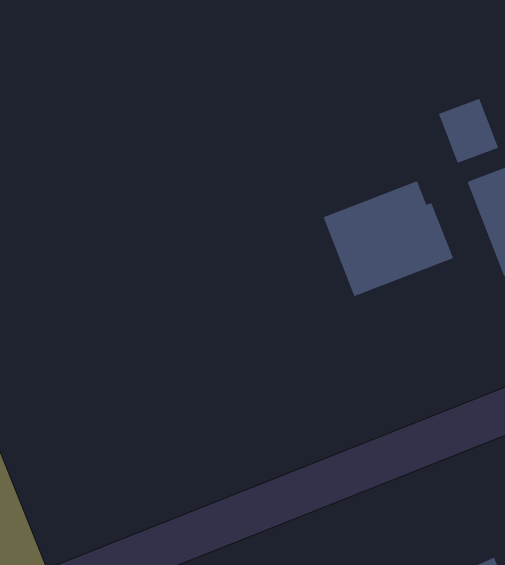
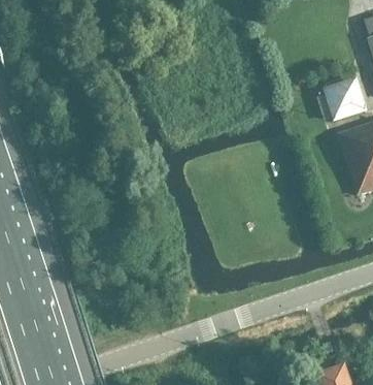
building: [322,180,454,297] -> none

